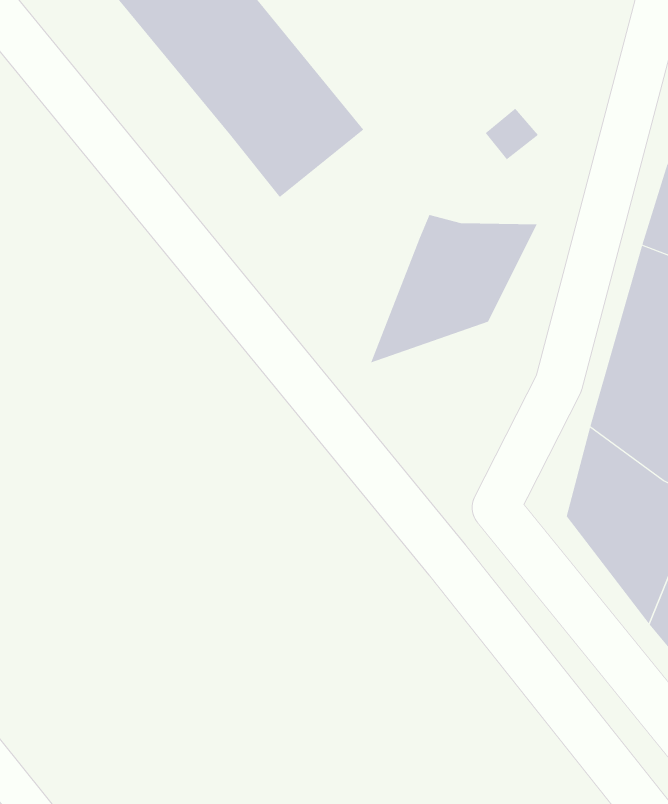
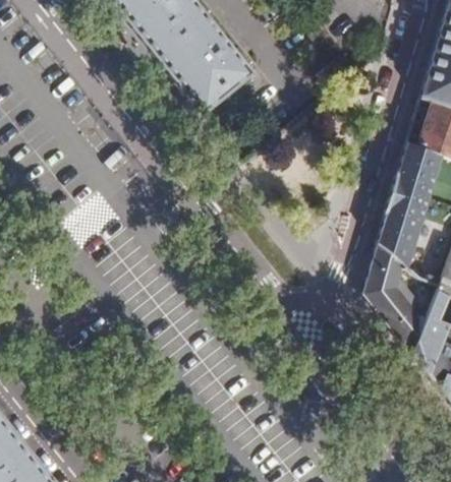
building: [370,214,537,364] -> none

